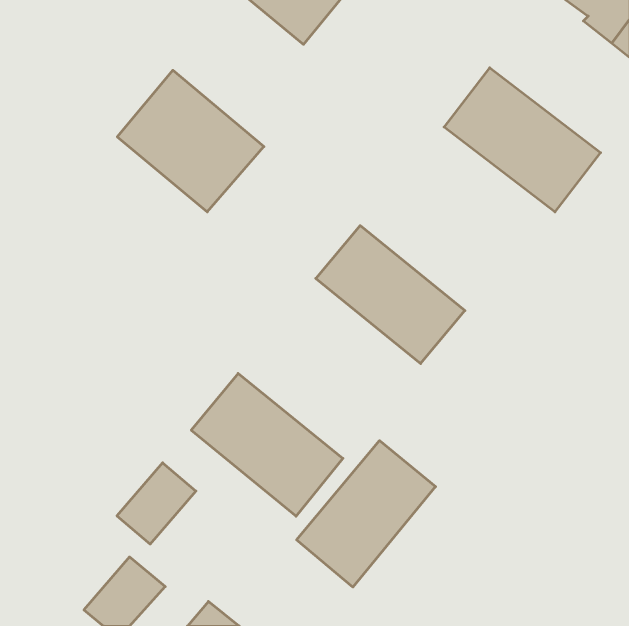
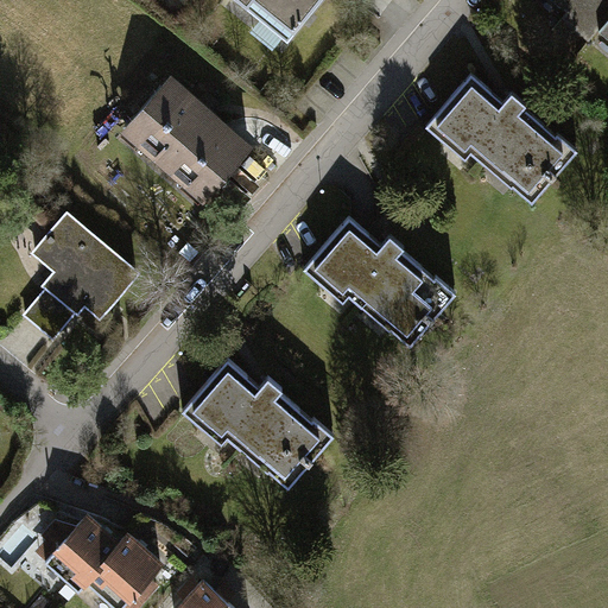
building: none -> [18,211,141,344]
building: [297,441,436,587] -> none
building: [117,463,196,544] -> [50,509,126,588]

